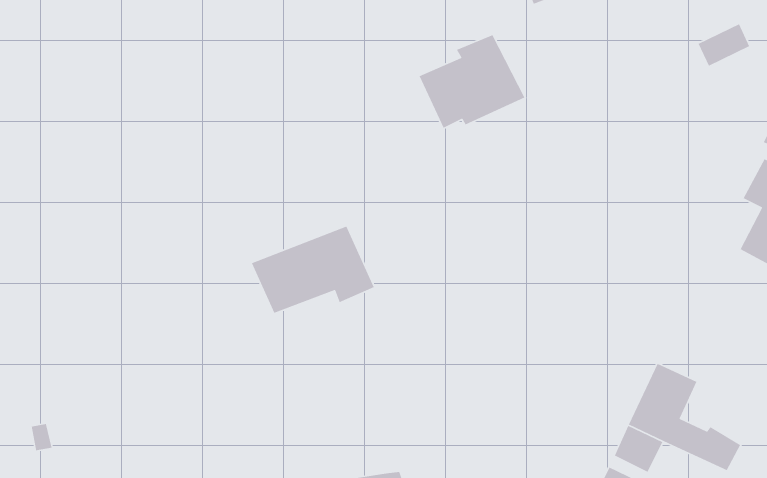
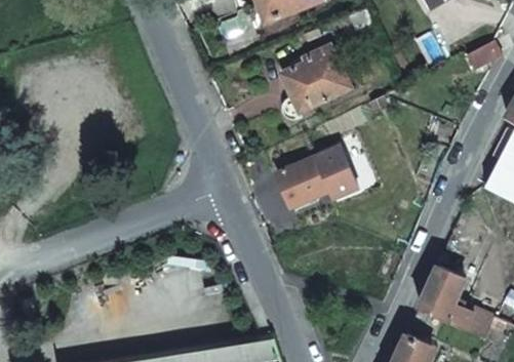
building: [251,226,375,314] -> [274,149,356,207]

